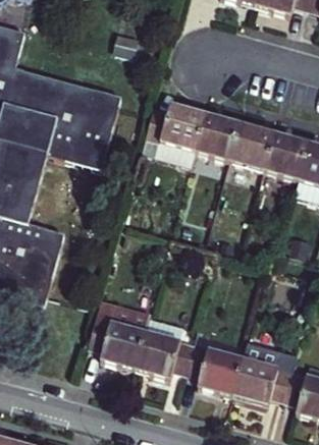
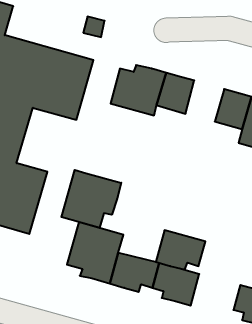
building: [231,122,277,171] -> none
building: none -> [61,170,121,228]
building: [237,353,297,400] -> [156,230,205,269]

